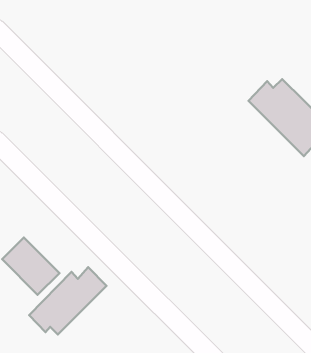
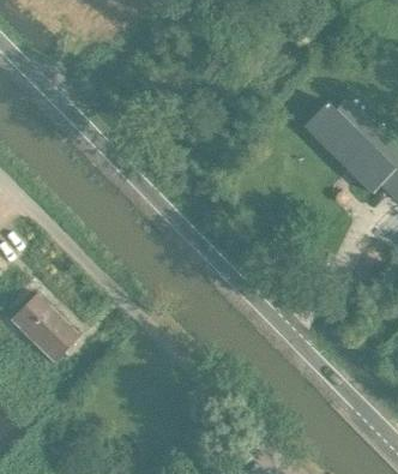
building: [29,267,106,334] -> none

